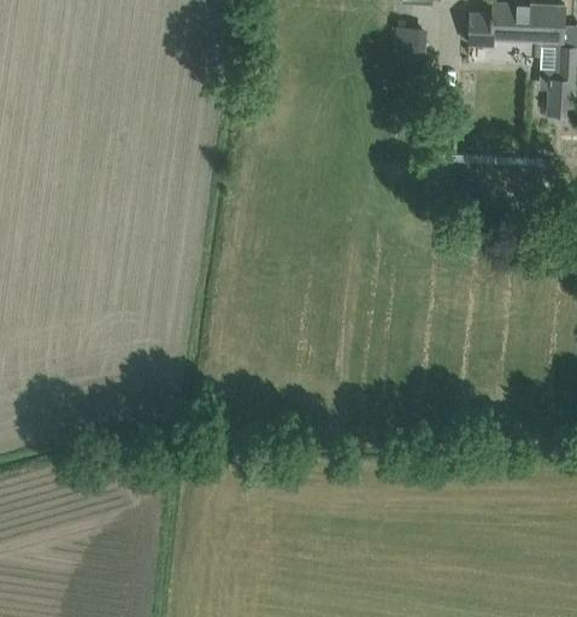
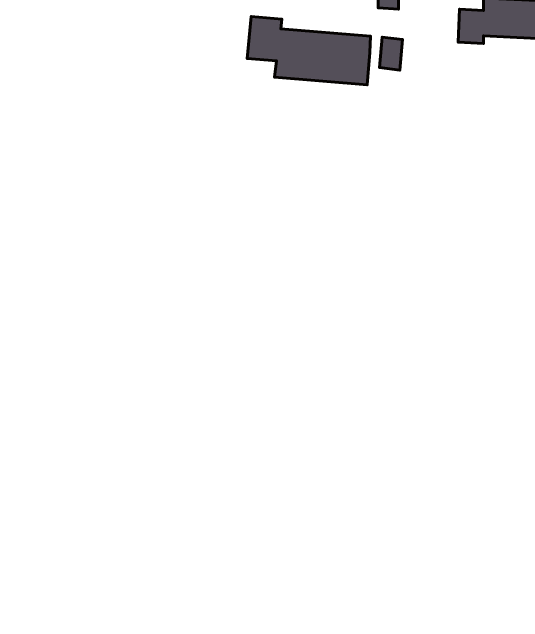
building: none -> [247,16,371,85]

